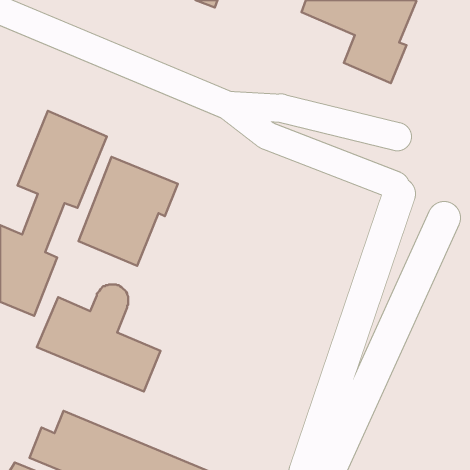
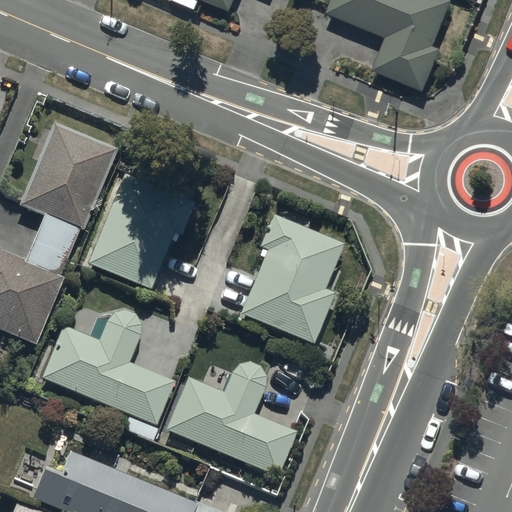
building: none -> [238,215,344,344]
building: none -> [164,361,297,477]

